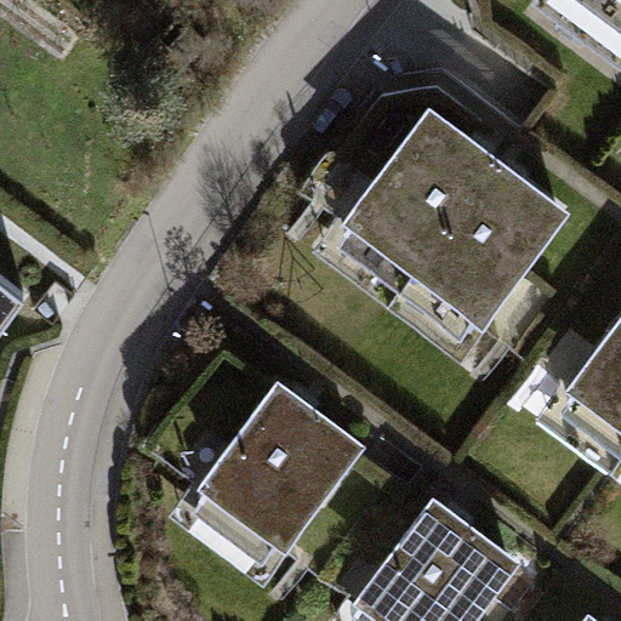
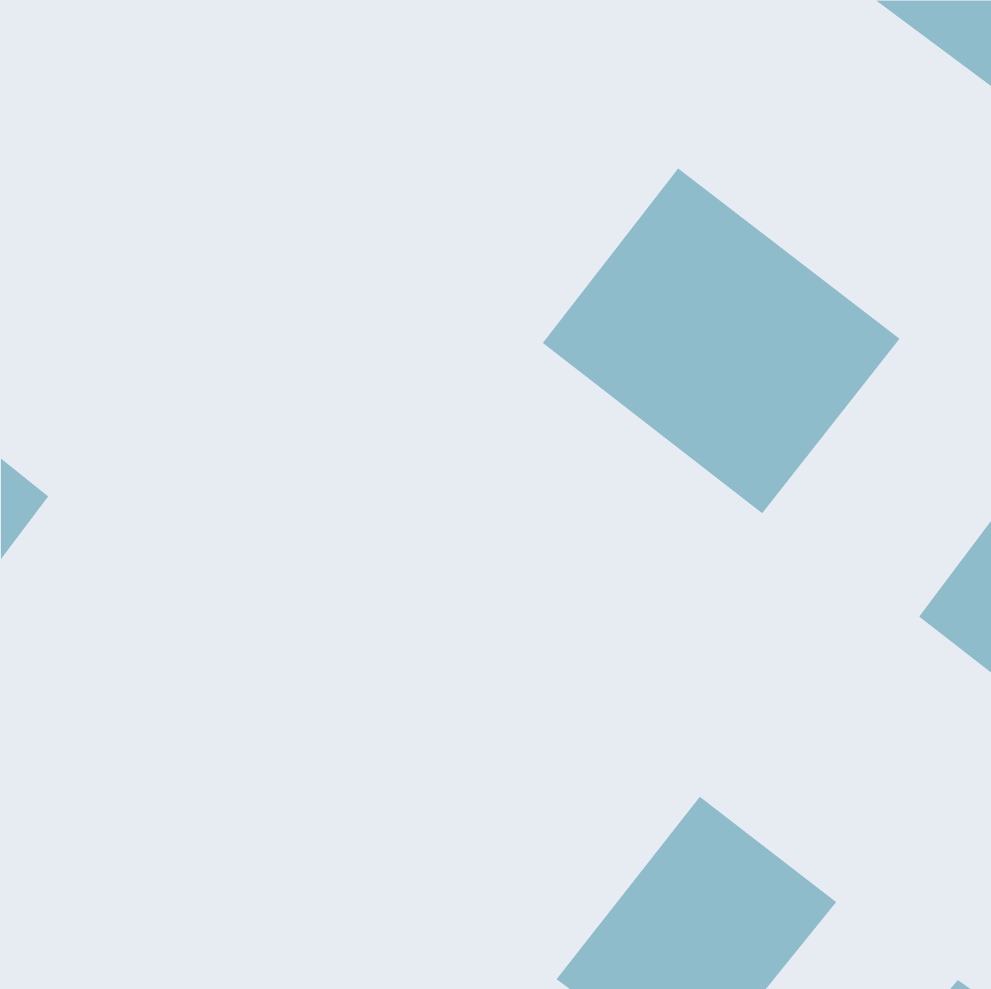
building: [188,383,361,563] -> none

